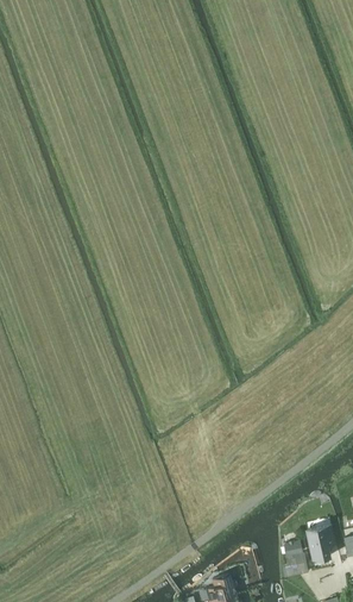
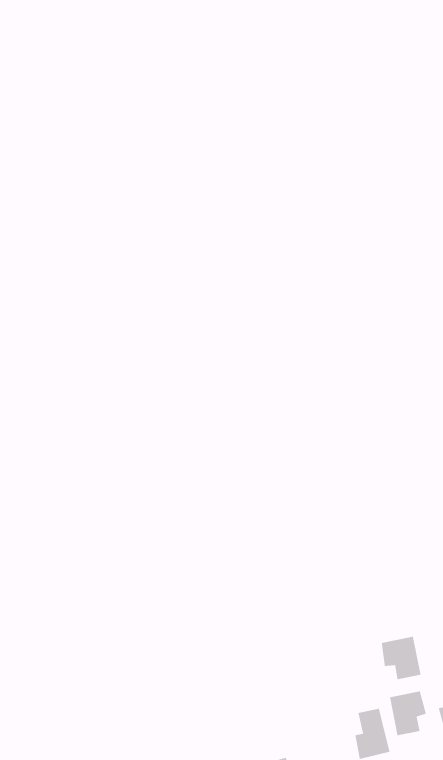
building: none -> [381,636,421,680]

